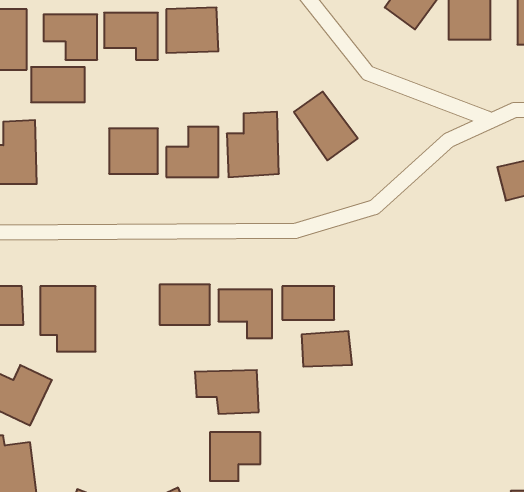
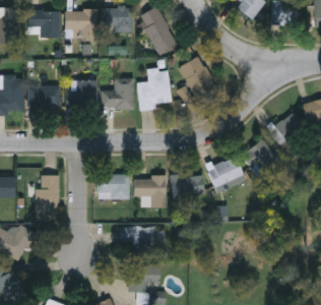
building: none -> [138,6,178,55]
building: [31,67,85,102] -> [27,85,60,107]
building: none -> [268,113,303,143]
building: none -> [241,139,276,168]
building: [302,331,352,367] -> [209,161,240,182]

